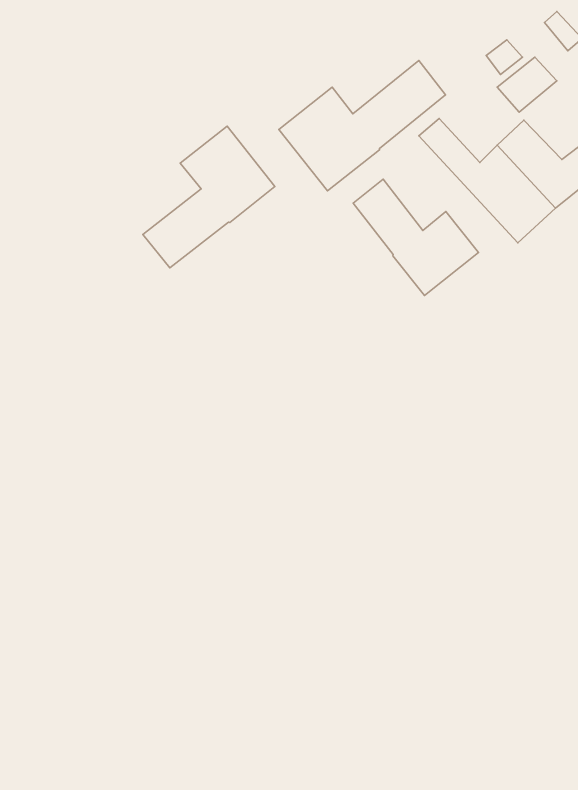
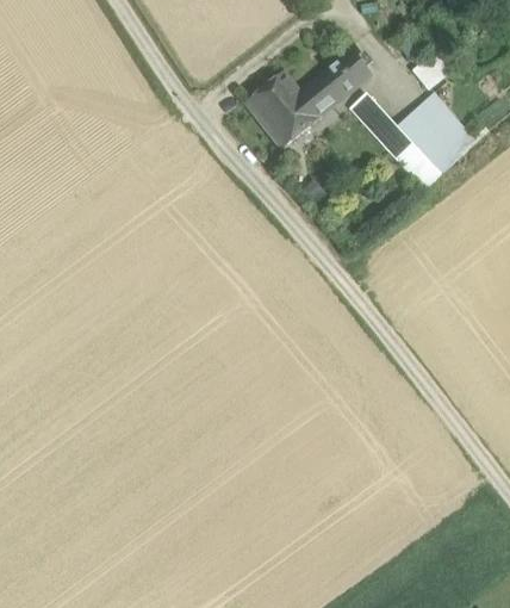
building: [143,126,275,268] -> none
building: [353,179,478,295] -> none

